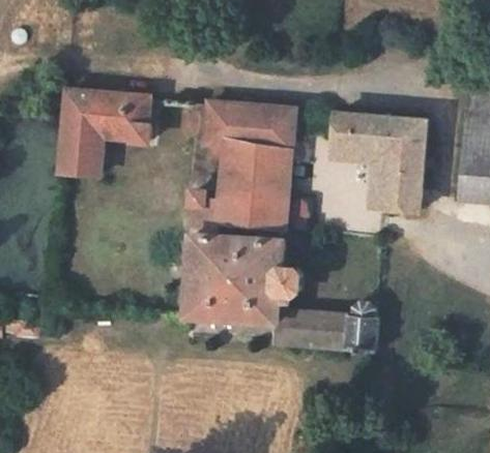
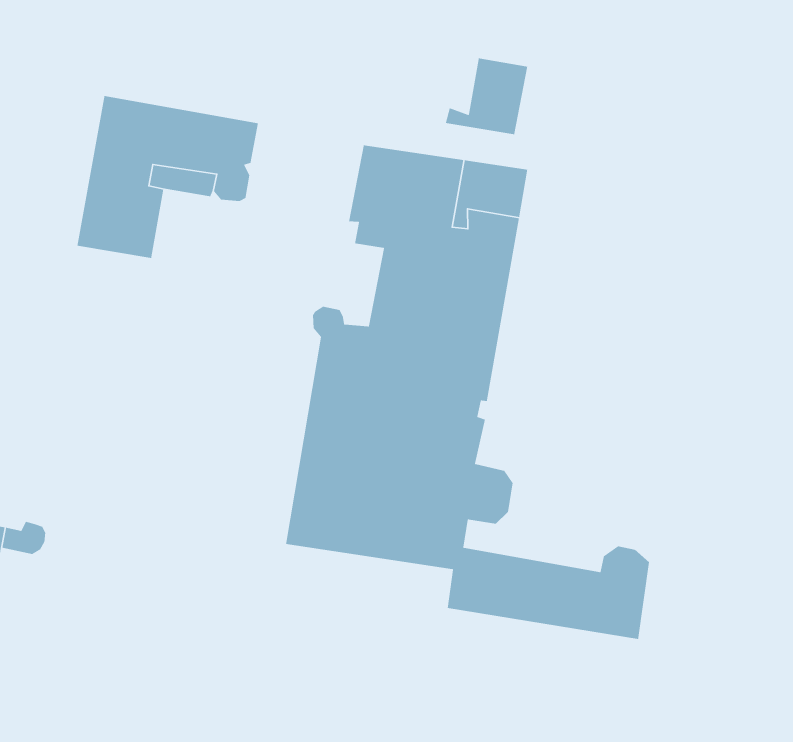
building: none -> [445,57,528,135]
building: [332,112,425,210] -> none

